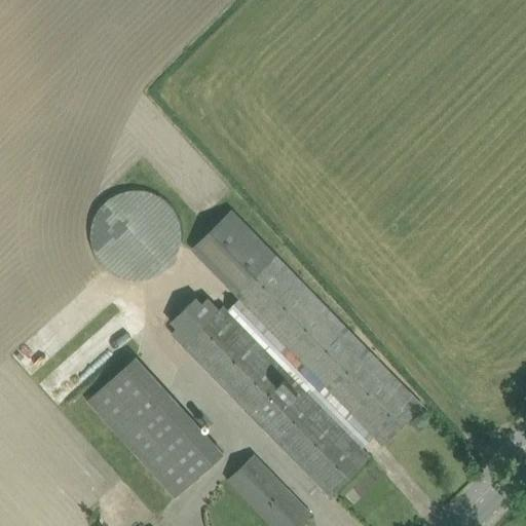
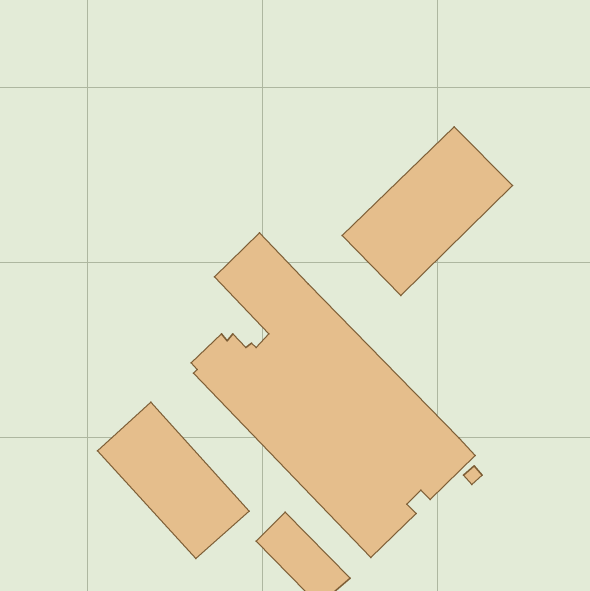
building: none -> [342,127,513,295]
building: [89,190,180,281] -> none

